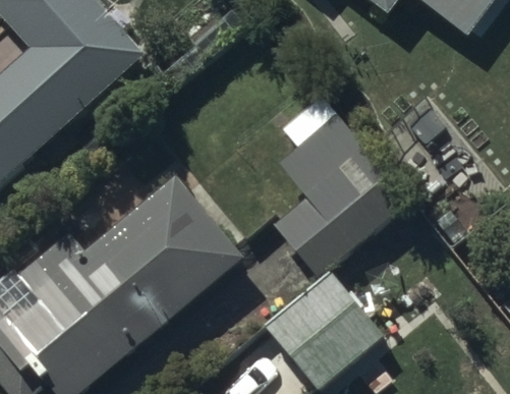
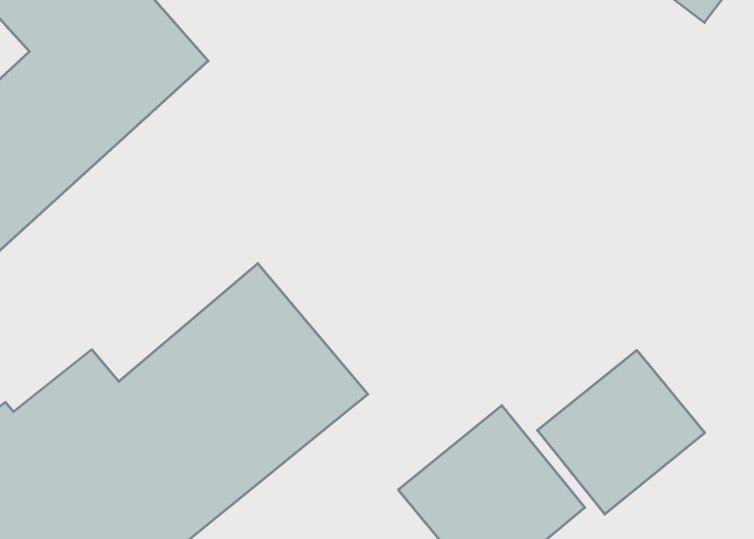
building: [270,92,405,275] -> none
building: none -> [537,350,705,514]

